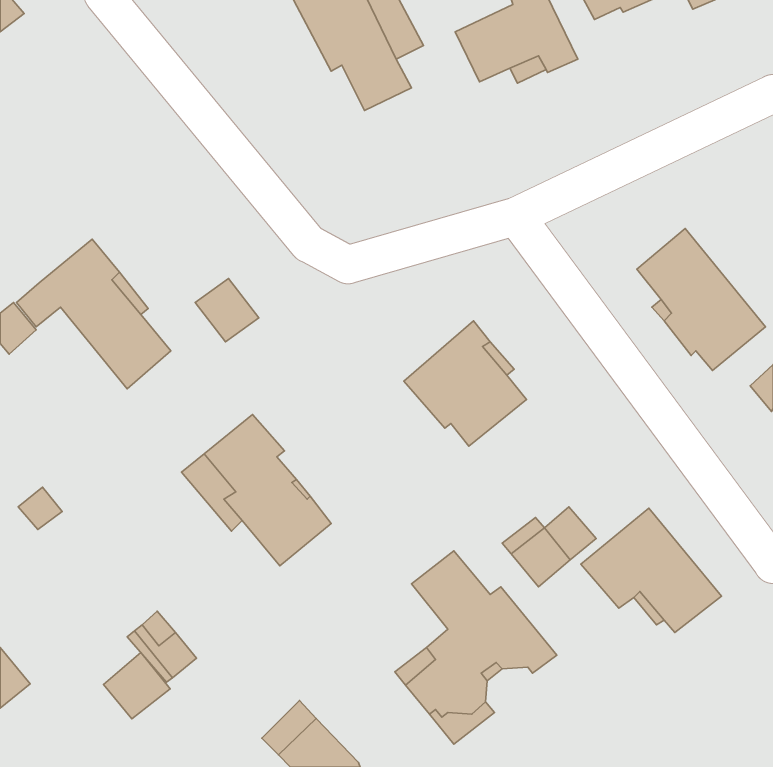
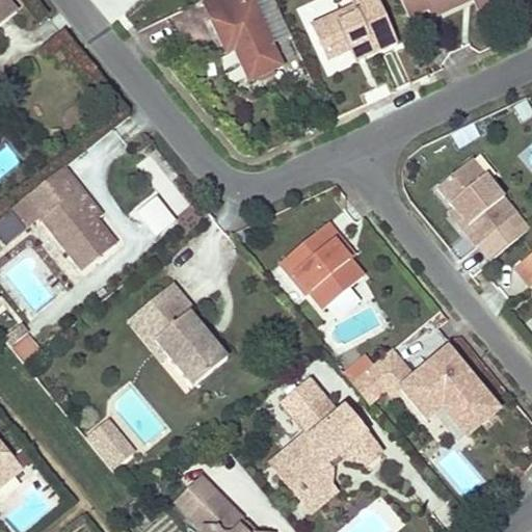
building: [104,653,170,719] -> none

